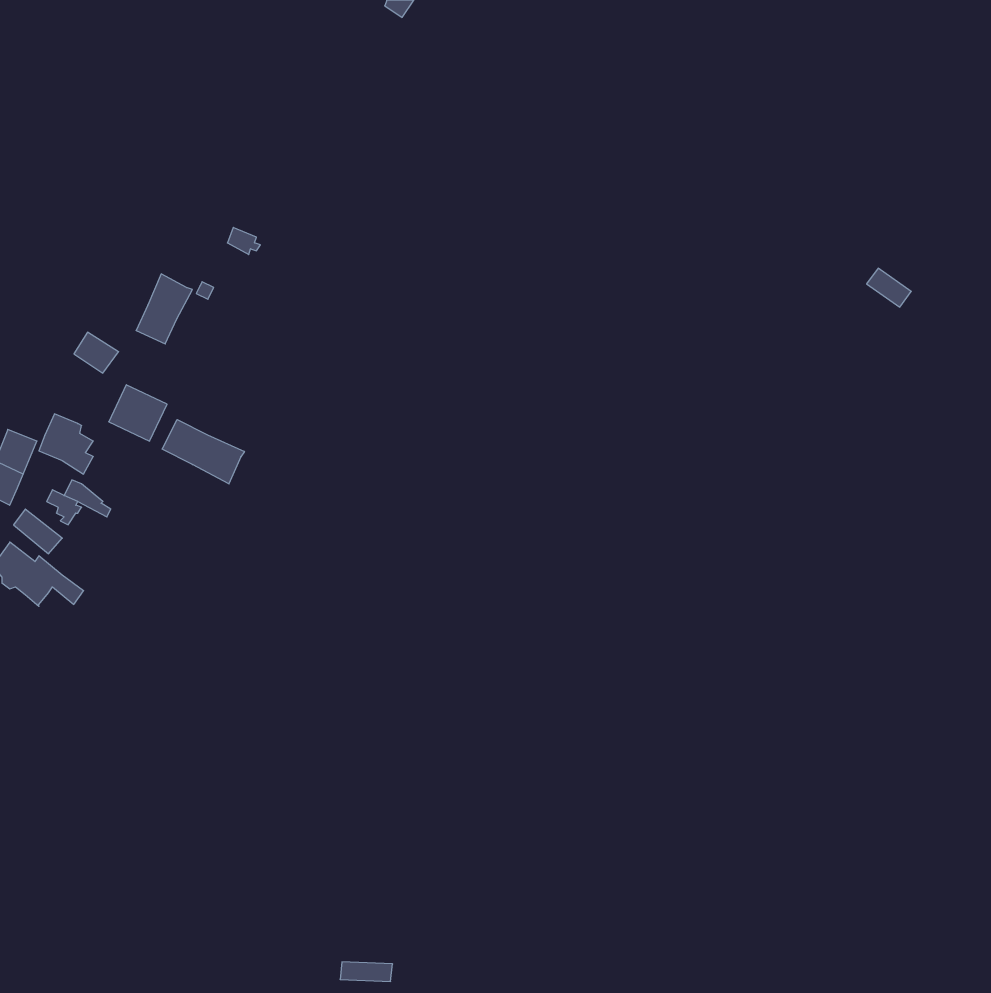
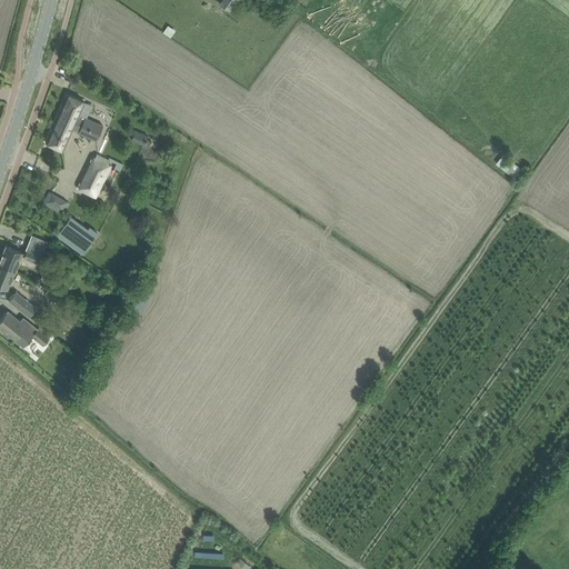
building: none -> [44,93,102,150]
building: [162,420,244,484] -> none

